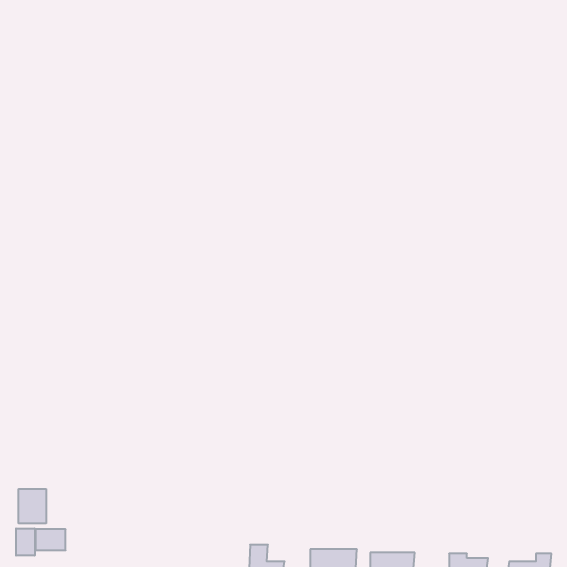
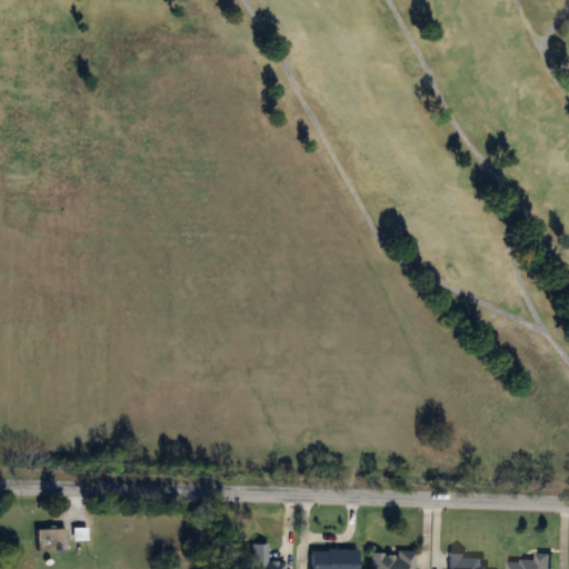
building: [19,489,46,523] -> none
building: [16,528,35,556] -> none

